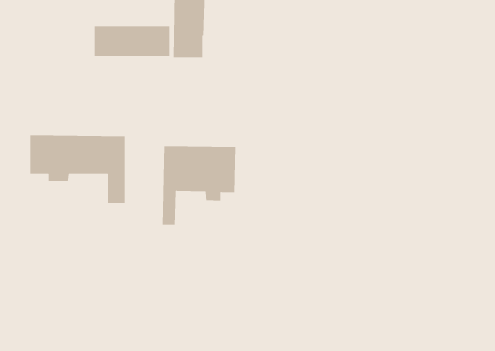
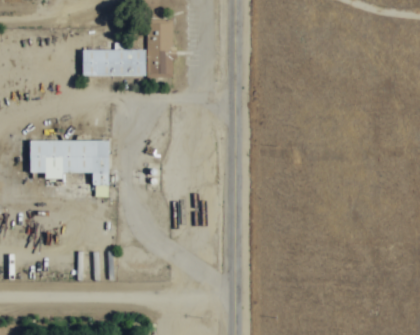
building: [162,145,236,226] -> none

